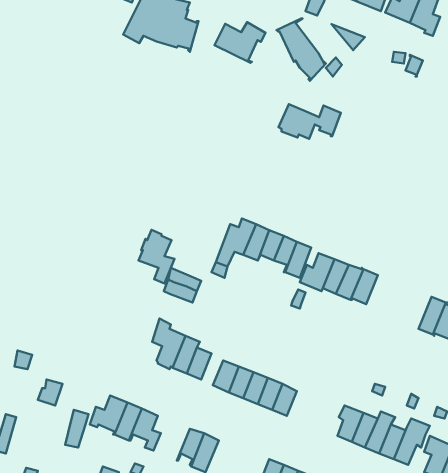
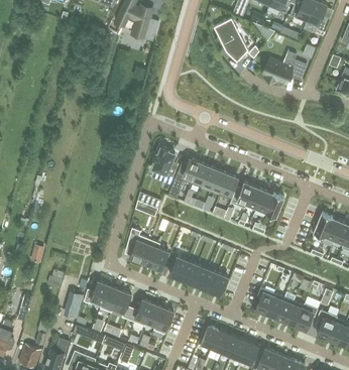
building: [215,22,265,63] -> none
building: [279,104,341,139] -> [262,58,306,83]
building: [138,230,175,284] -> [151,147,177,184]
building: none -> [127,299,152,327]

